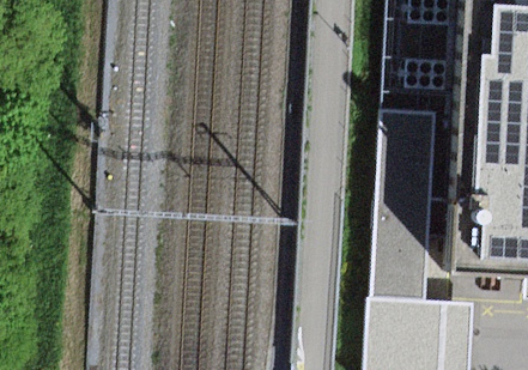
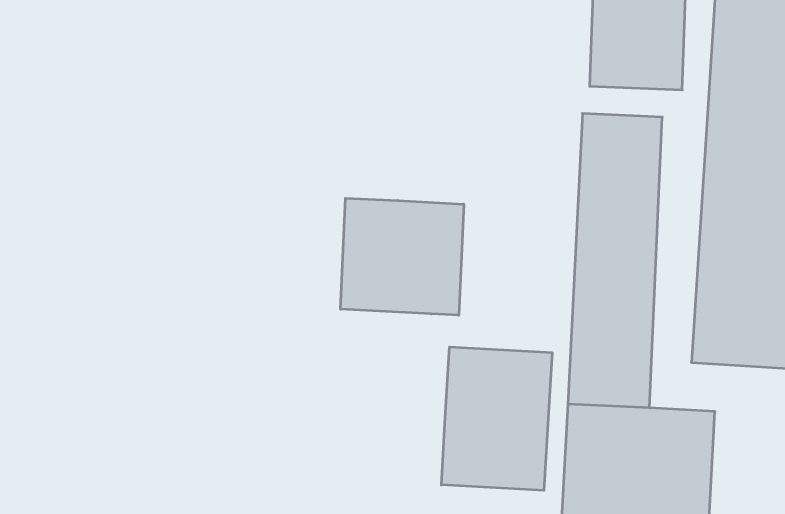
building: none -> [341,198,464,315]
building: none -> [441,347,552,490]

